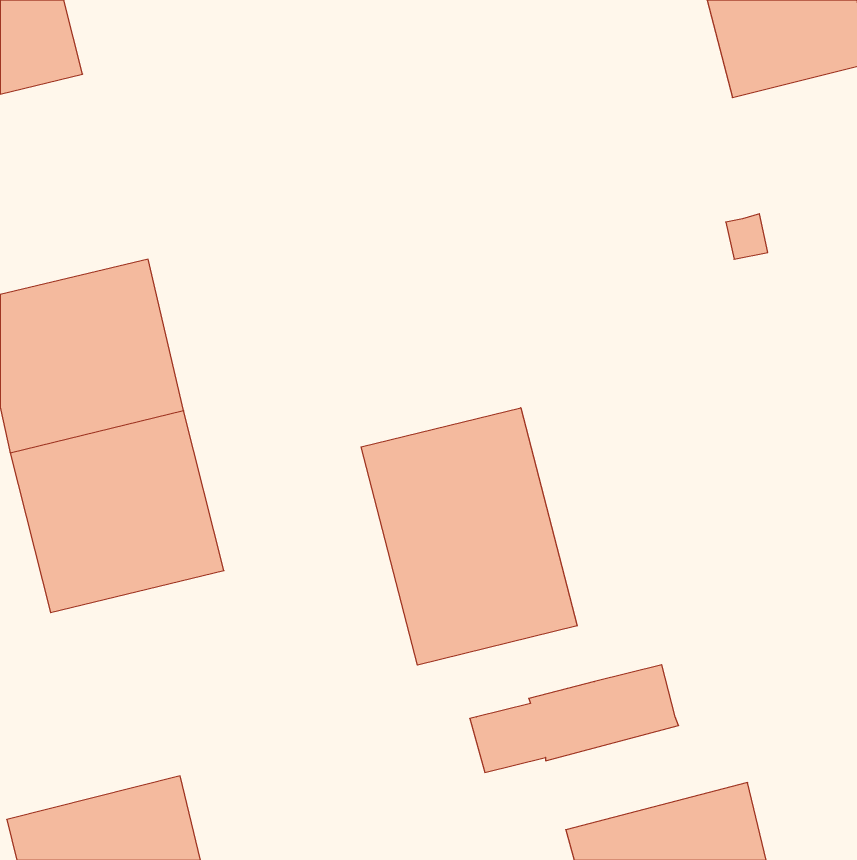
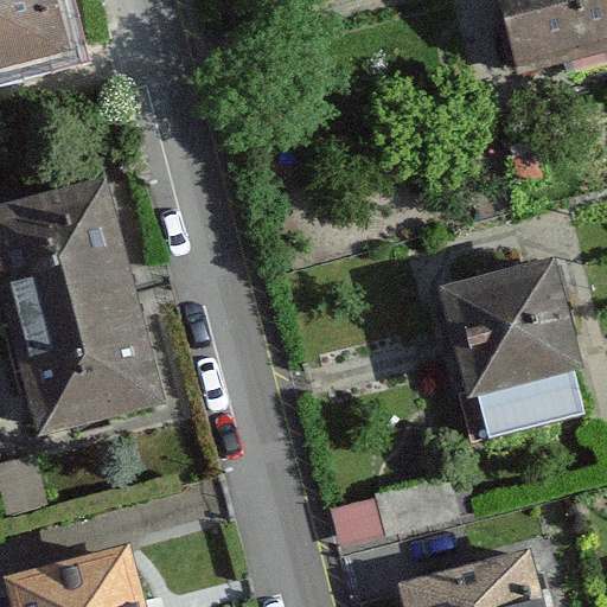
building: none -> [443,261,581,435]
building: [361,408,577,665] -> none

